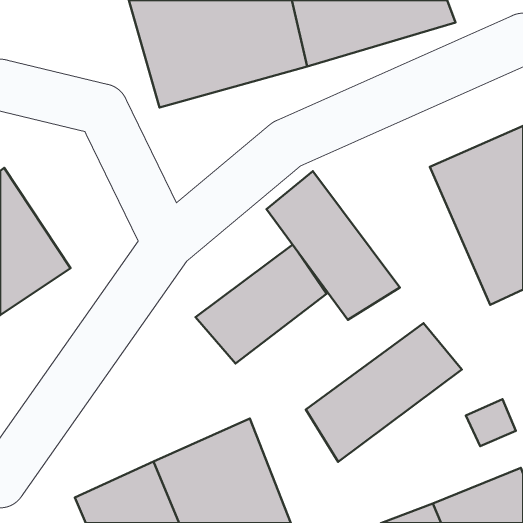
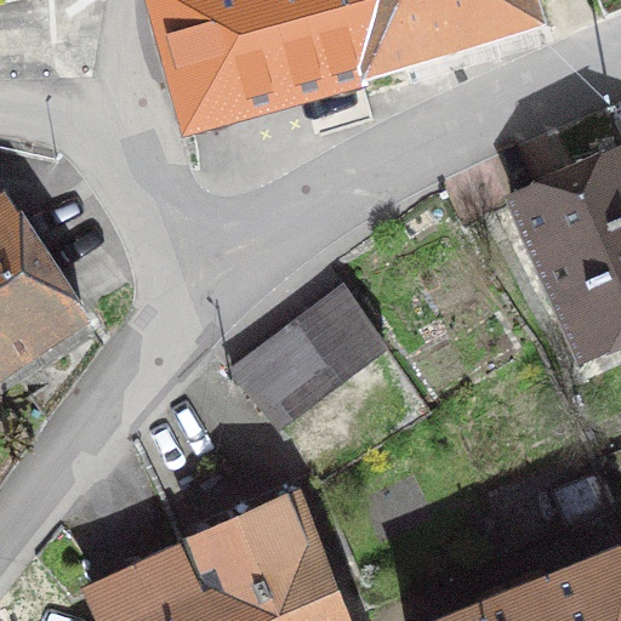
building: [267,171,400,320] -> none
building: [306,323,462,462] -> none

